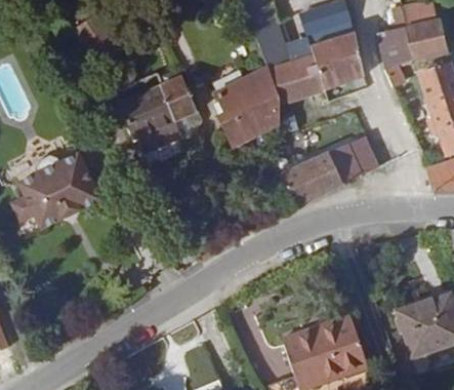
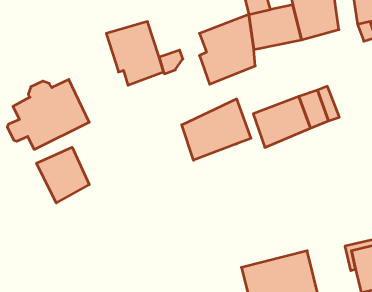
building: [160,75,197,121] -> none
building: none -> [182,99,251,160]
building: none -> [37,147,89,203]

